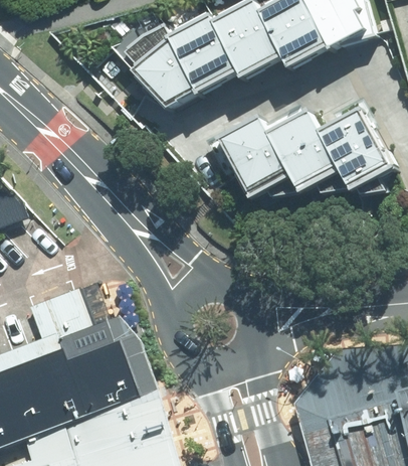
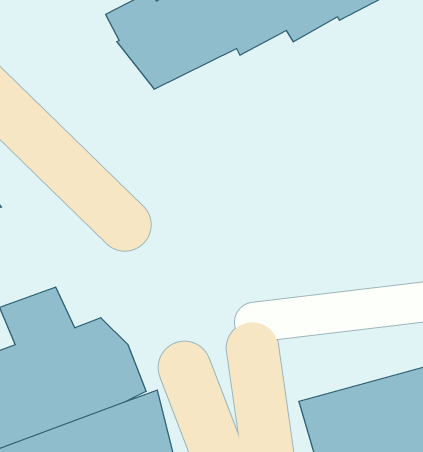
building: [213,111,392,202] -> none

